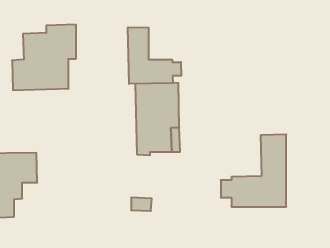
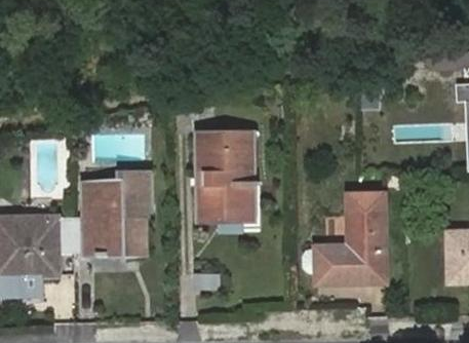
building: [12,25,76,90] -> [74,173,153,254]
building: [128,27,181,84] -> none

